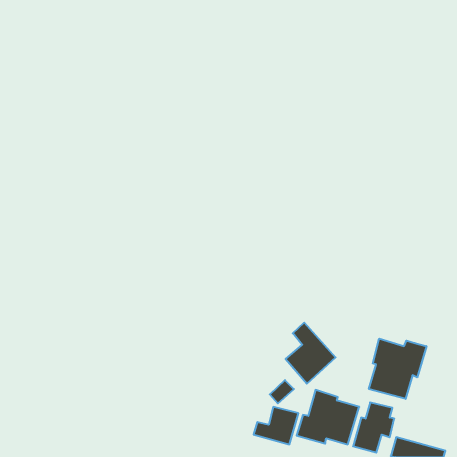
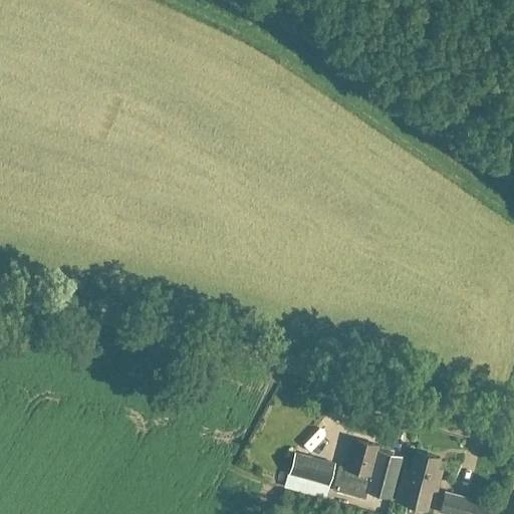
building: [286,323,336,384] -> none
building: [369,339,426,399] -> none

